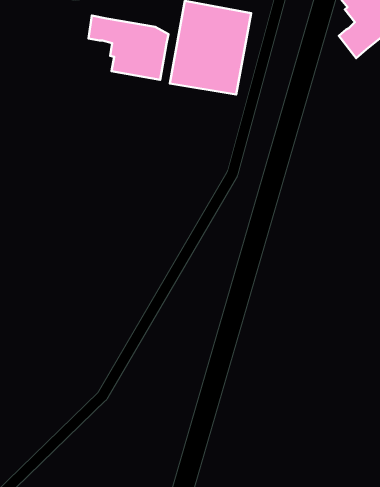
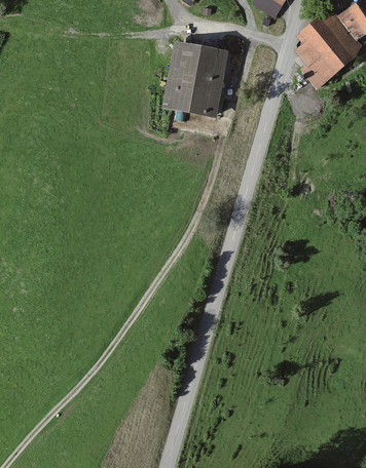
building: [88,15,169,80] -> none

